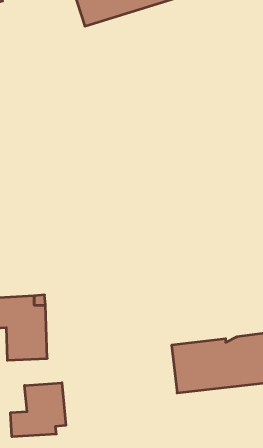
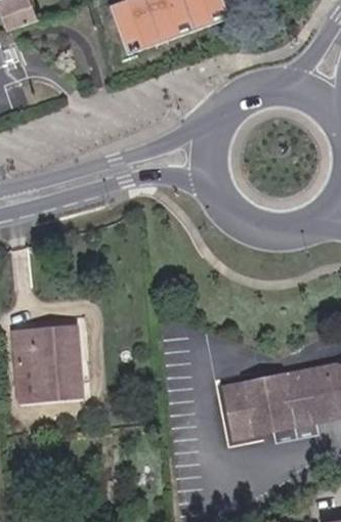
building: [11,383,66,437] -> none

